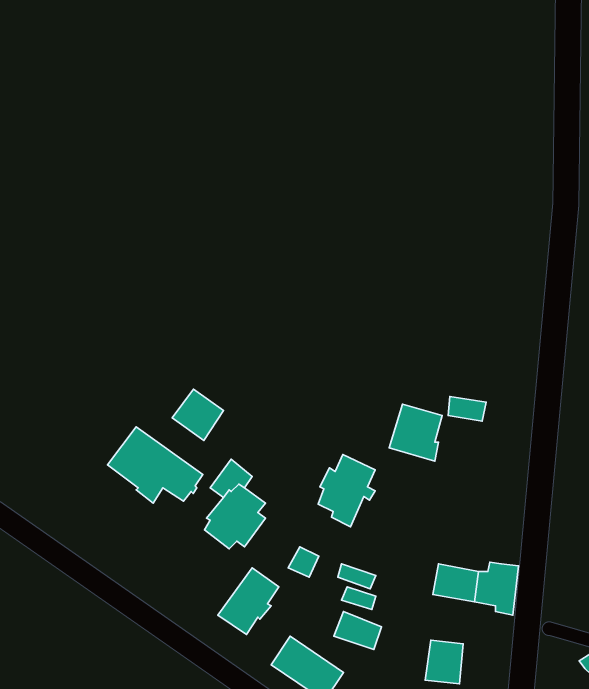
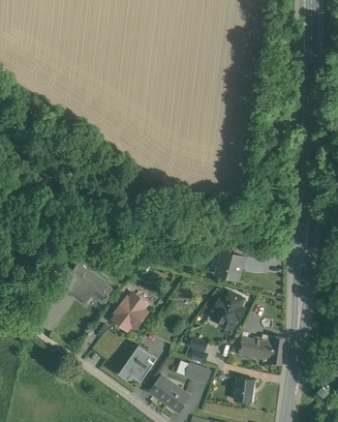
building: [172,389,224,440] -> none
building: [318,455,375,527] -> [213,292,244,331]

